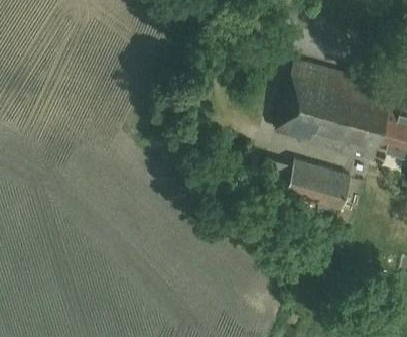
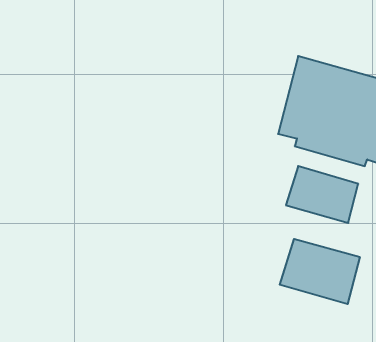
building: none -> [280,239,360,304]

